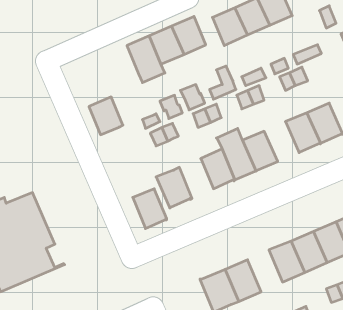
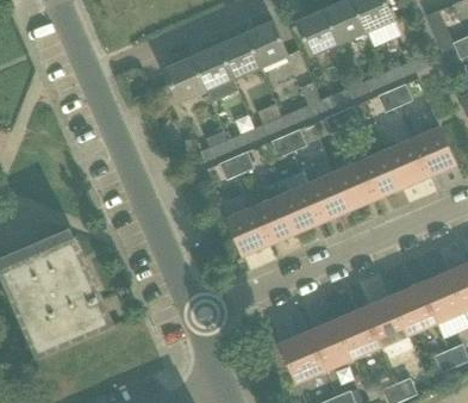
building: [89,97,123,135] -> [163,56,205,103]
building: none -> [358,149,401,198]
building: [133,189,167,229] -> [255,194,297,243]
building: none -> [338,306,381,358]

